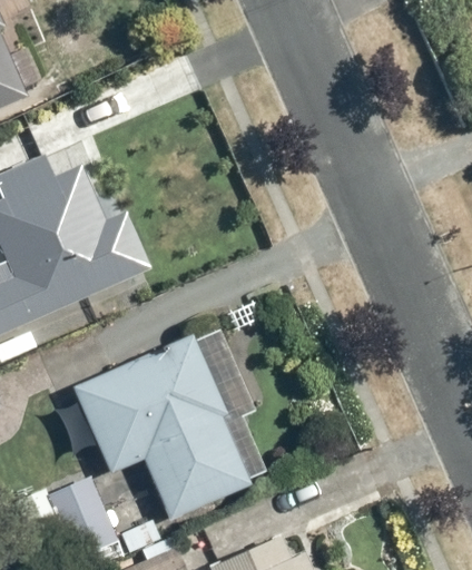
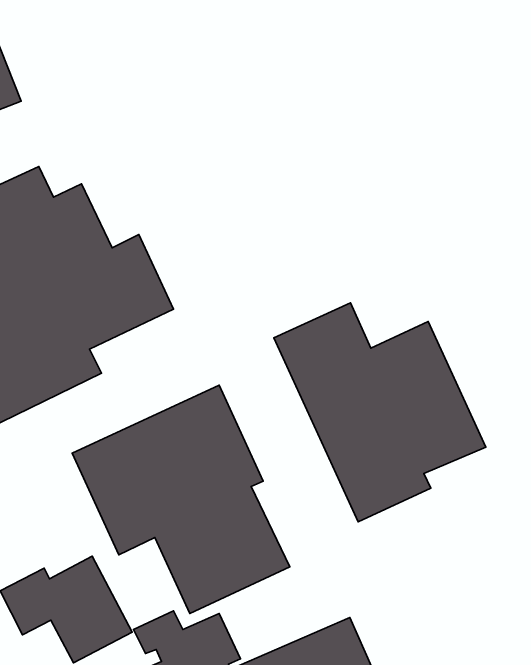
building: none -> [274,303,486,522]

